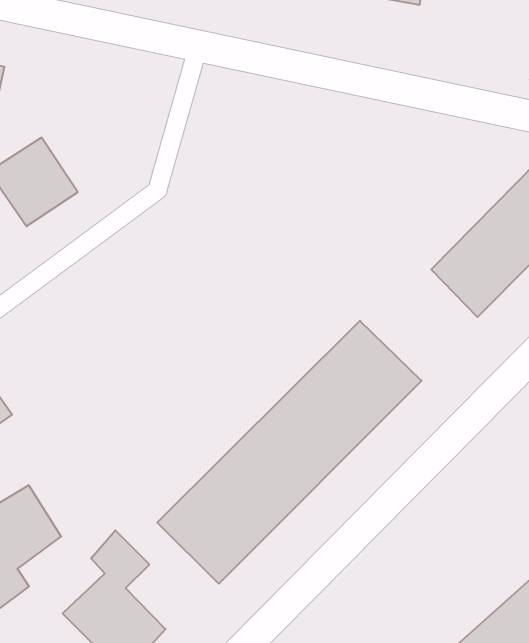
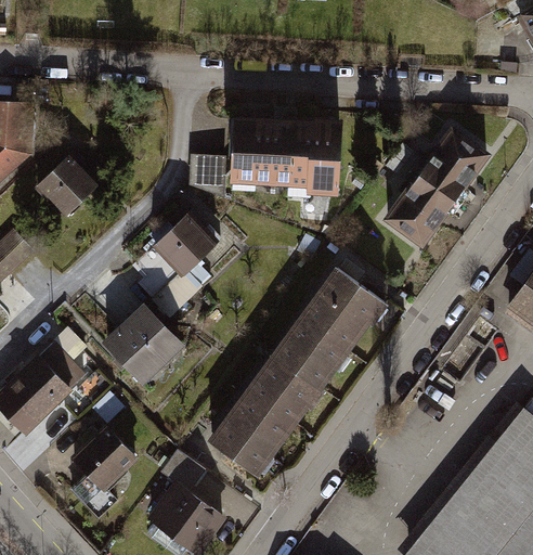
building: none -> [229,113,342,194]
building: none -> [188,155,224,197]
building: none -> [132,210,218,319]
building: none -> [101,301,185,386]

